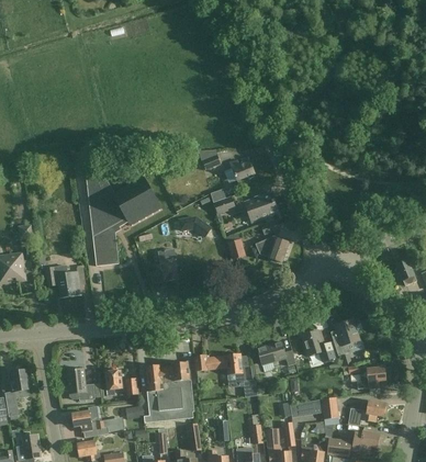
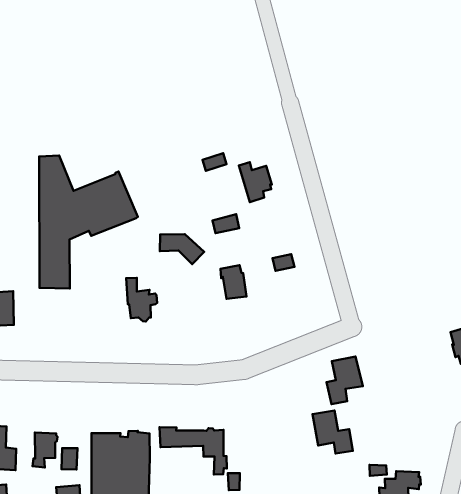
building: [245,194,277,222] -> none
building: [255,236,288,262] -> none
building: [333,319,359,356] -> [327,356,363,404]
building: [257,341,295,365] -> none

